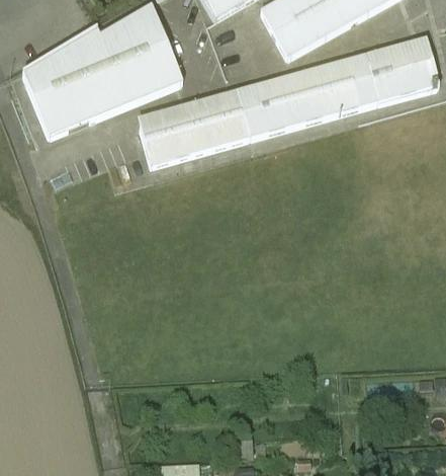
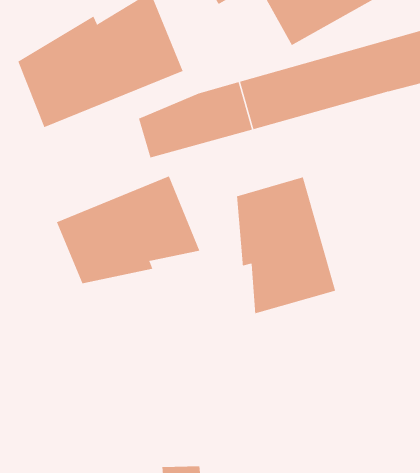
building: none -> [56,176,200,284]
building: none -> [237,176,336,314]

